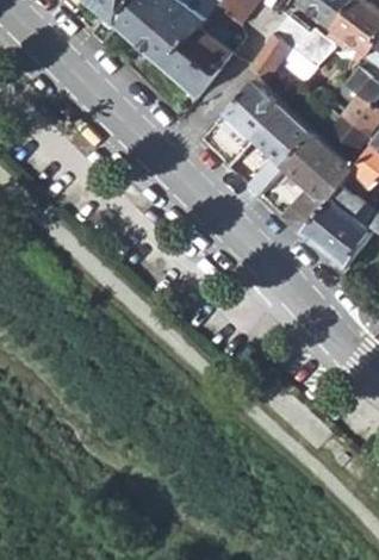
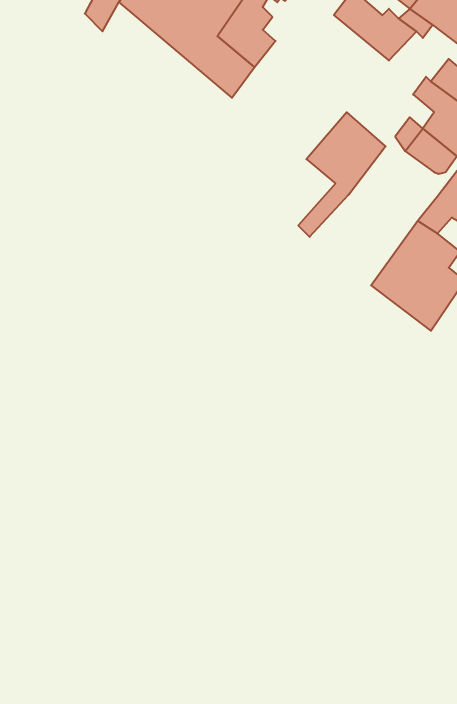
building: [249,35,315,82] -> none
building: [215,80,284,151] -> none
building: [285,132,350,235] -> none

